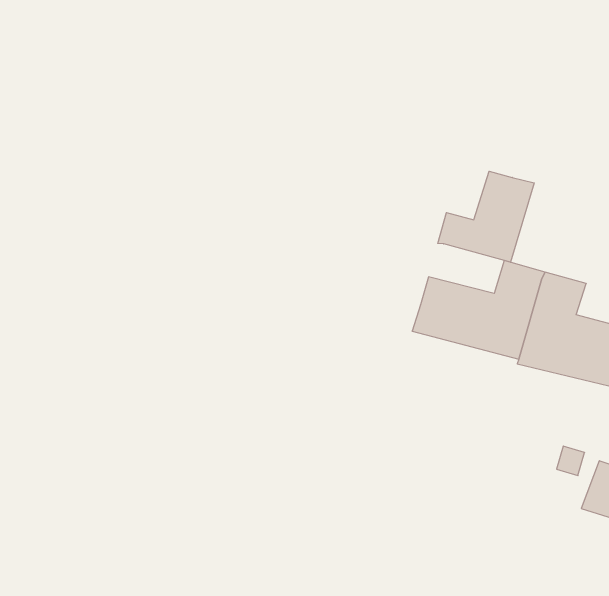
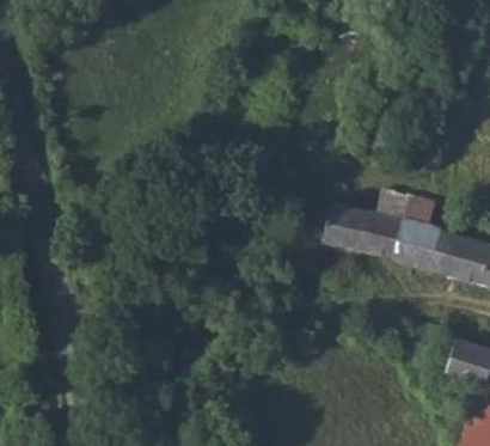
building: [438,171,534,262] -> none

